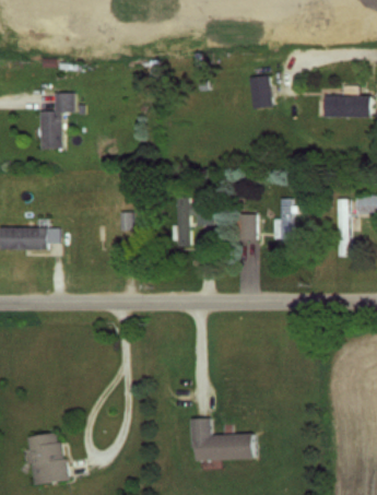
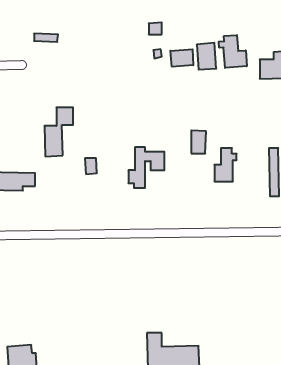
building: none -> [219,35,247,68]
building: none -> [170,49,193,67]
building: [39,92,73,150] -> [44,107,73,156]
building: [239,213,257,240] -> [191,130,206,153]

